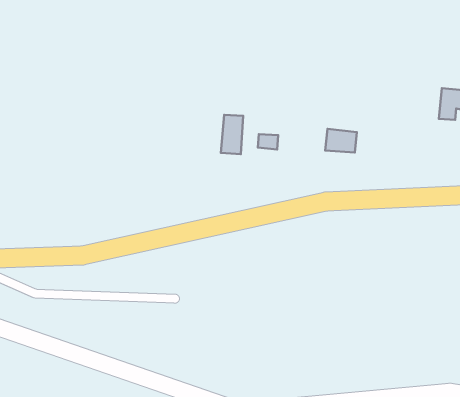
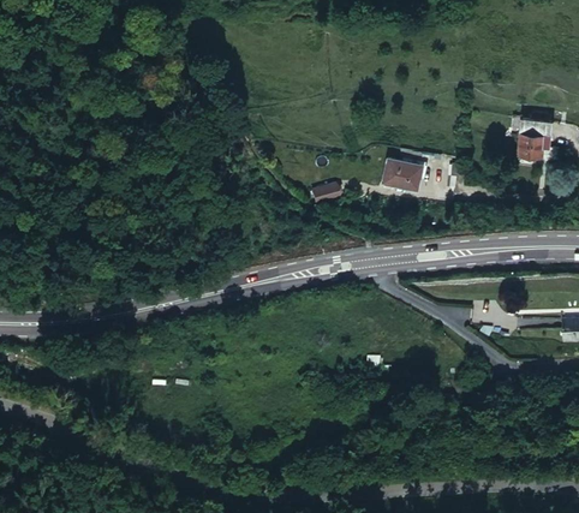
building: [221,115,243,154] -> none

